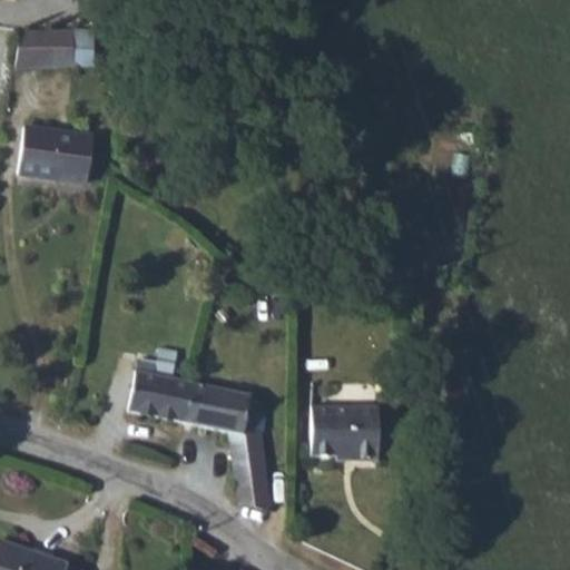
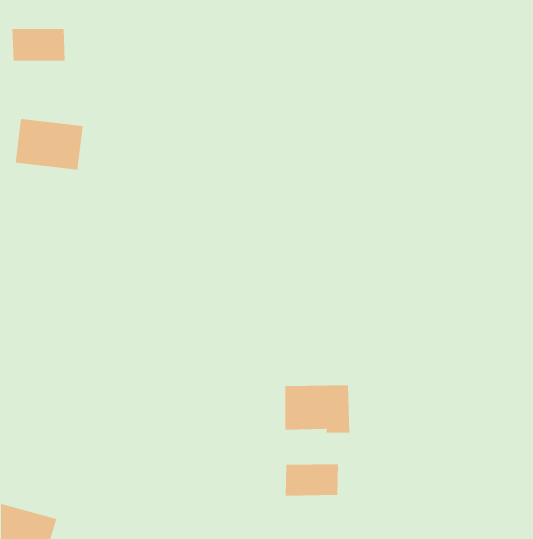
building: [132,373,266,494] -> none
building: none -> [285,463,338,497]

